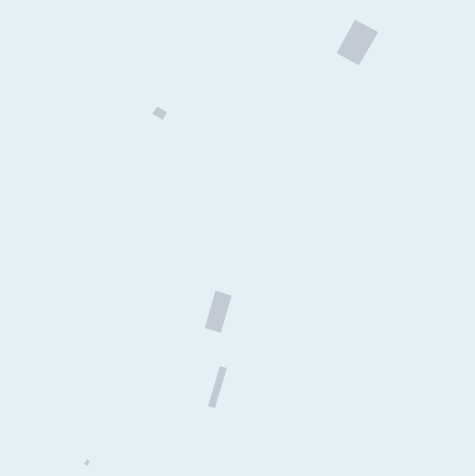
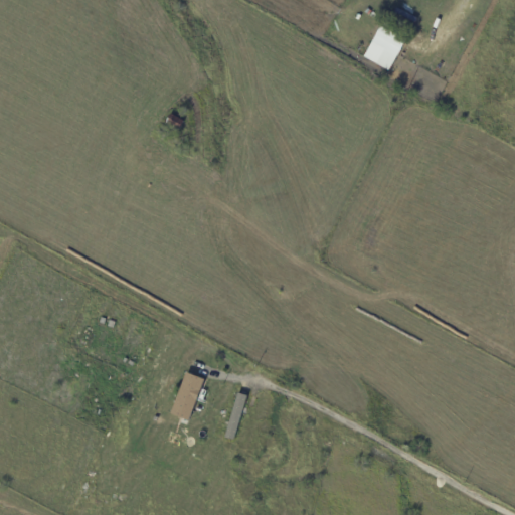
building: [204,290,233,334] -> [171,372,202,419]

